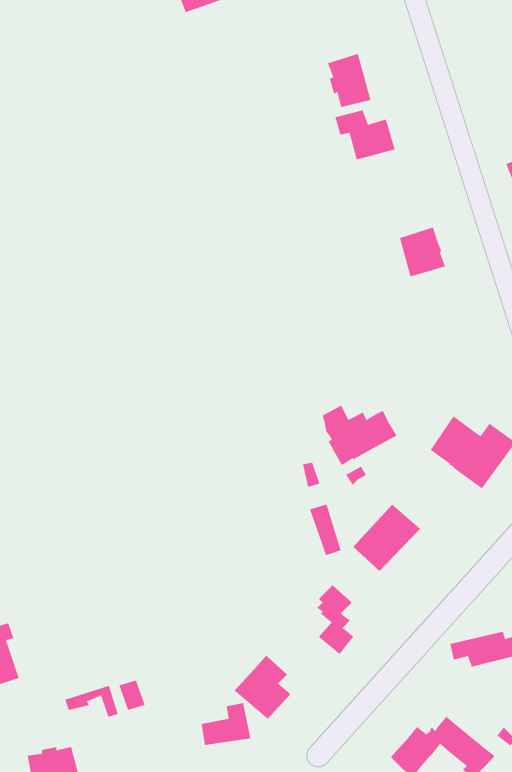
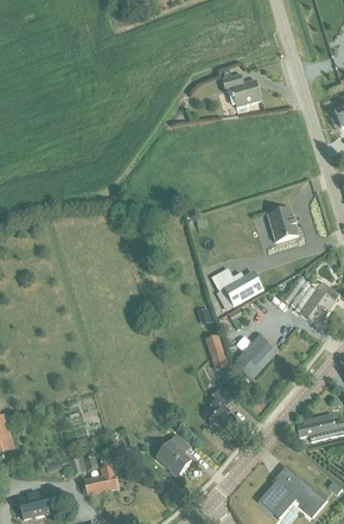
building: [327,53,371,108] -> none
building: [399,227,446,277] -> [268,207,299,241]
building: [201,702,251,746] -> [84,465,117,493]

